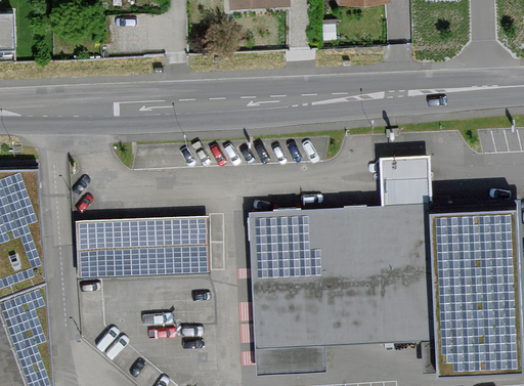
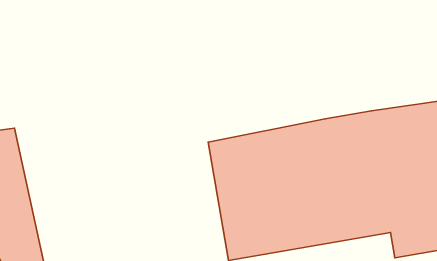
building: [378,153,433,205] -> none
building: [75,215,209,278] -> none

